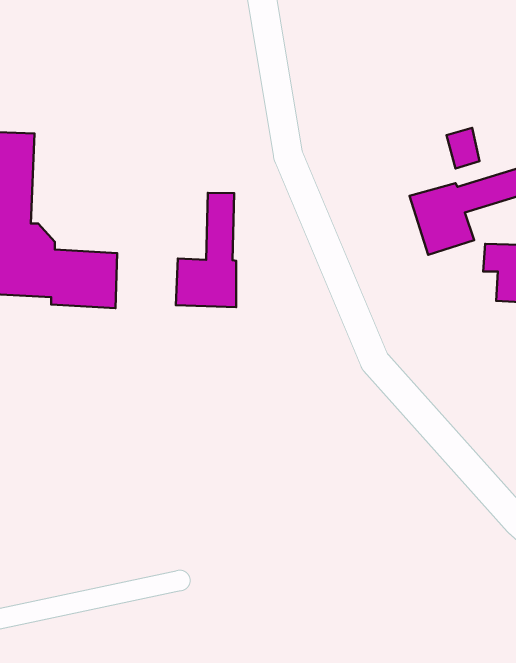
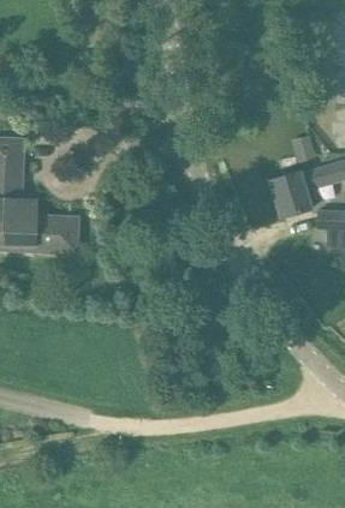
building: [176,193,236,307] -> none

